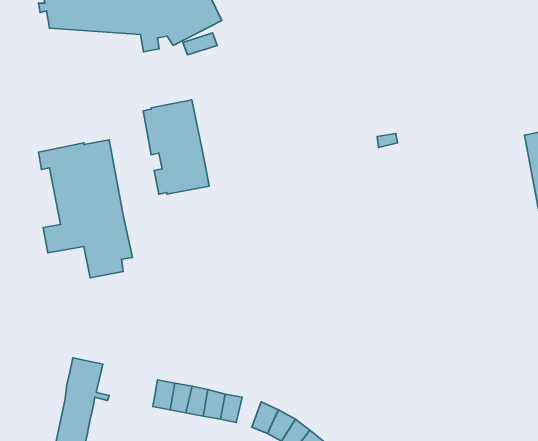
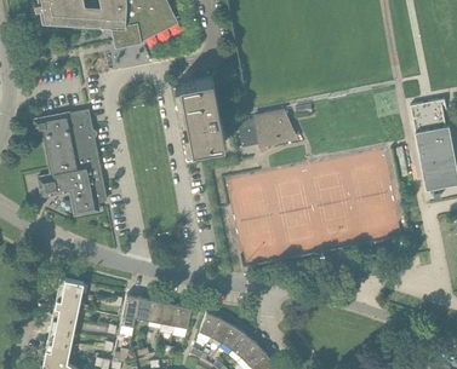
building: [143,100,209,194] -> [176,79,227,151]
building: none -> [239,111,295,149]

